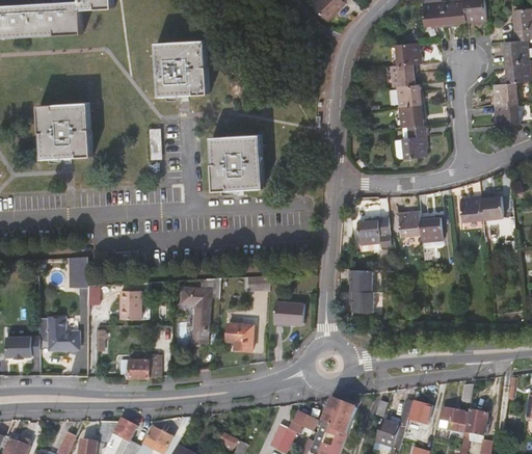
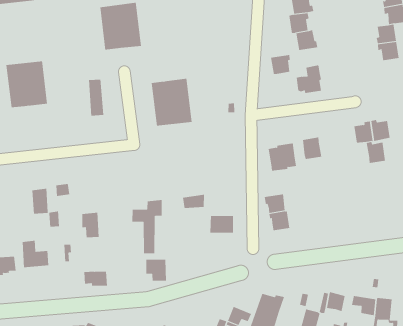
building: [395,107,419,130] -> [270,54,290,75]
building: [414,219,436,245] -> [366,142,386,163]
building: [229,322,255,350] -> [145,259,167,281]

